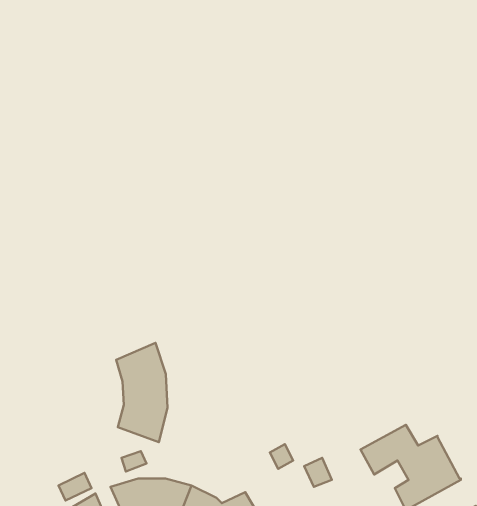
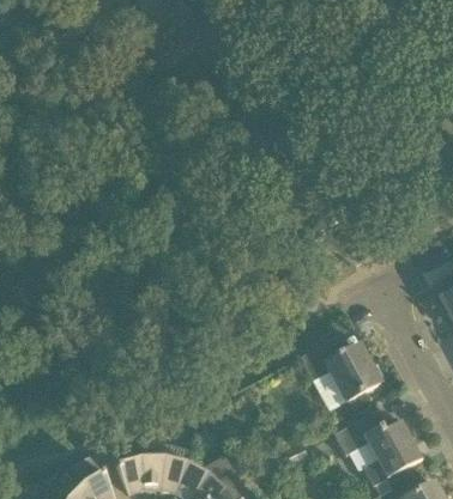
building: none -> [300,336,380,400]
building: [116,343,167,442] -> none

